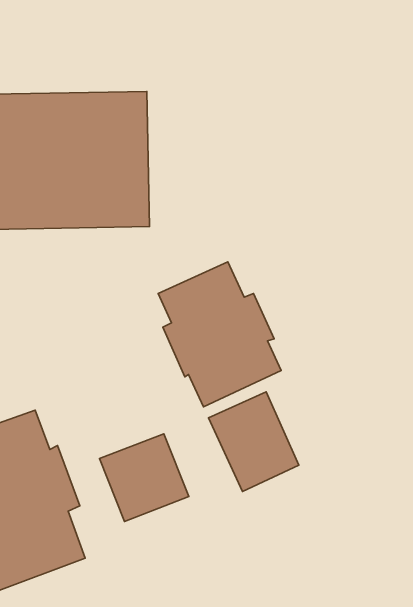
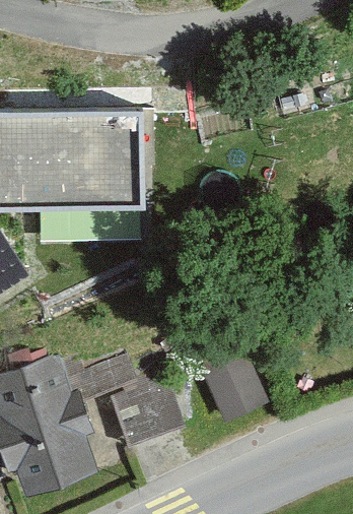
building: [158,262,281,407] -> none

